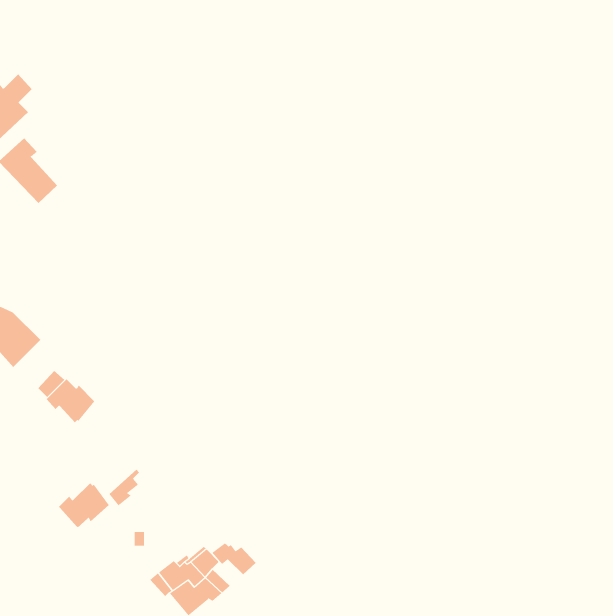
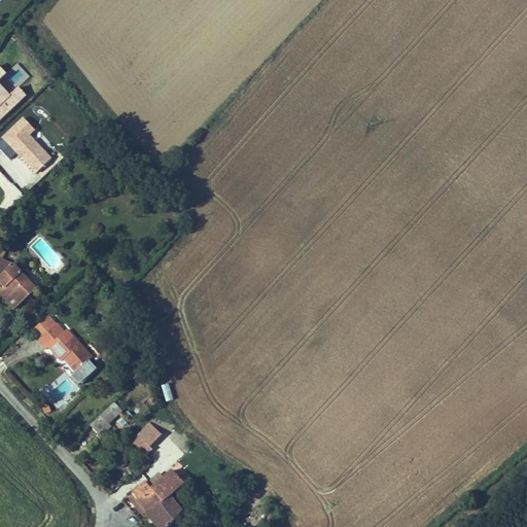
building: none -> [67,343,97,386]
building: [58,482,110,528] -> none
building: none -> [129,422,159,456]
building: [212,542,256,575] -> none

